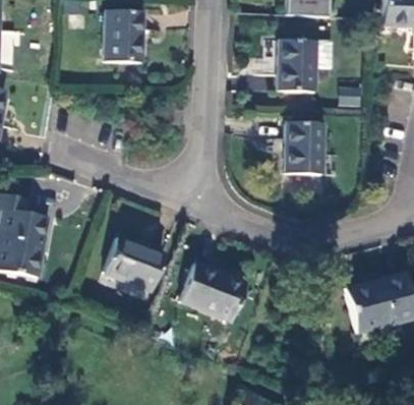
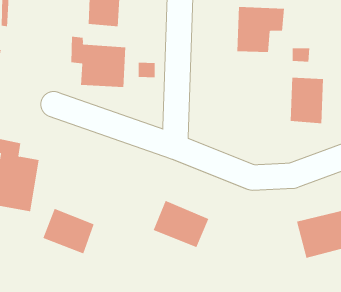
building: none -> [71,36,126,88]
building: [285,121,324,175] -> [290,77,324,124]
building: [104,236,164,289] -> [43,208,94,254]

